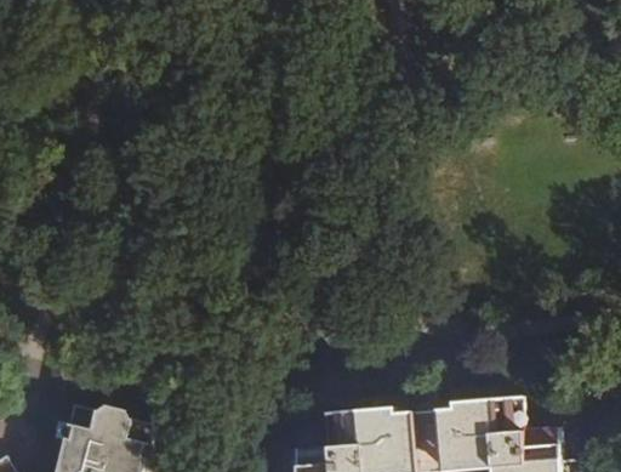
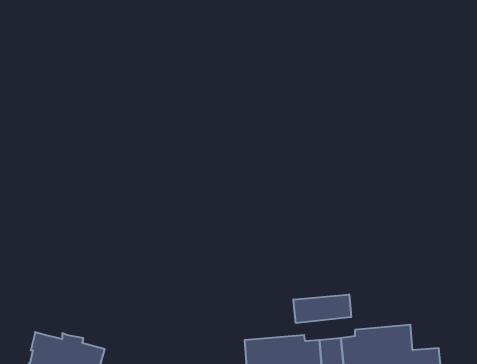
building: none -> [293,294,351,323]

